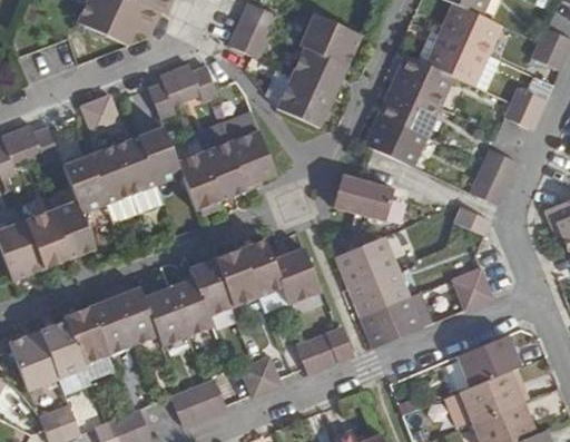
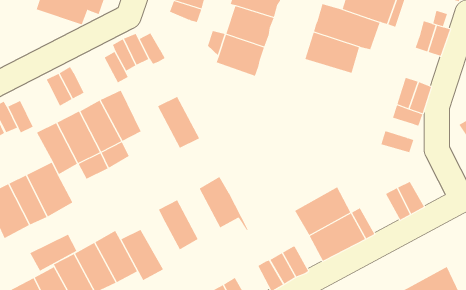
building: [220,111,276,186] -> none
building: [363,115,429,168] -> none
building: [176,149,223,212] -> none
building: [333,173,393,220] -> none
building: [334,235,397,286] -> none
building: [274,246,321,302] -> none
building: [214,248,258,306] -> none
building: [168,276,214,336] -> none
building: none -> [30,234,77,272]
building: [455,333,521,386] -> none

